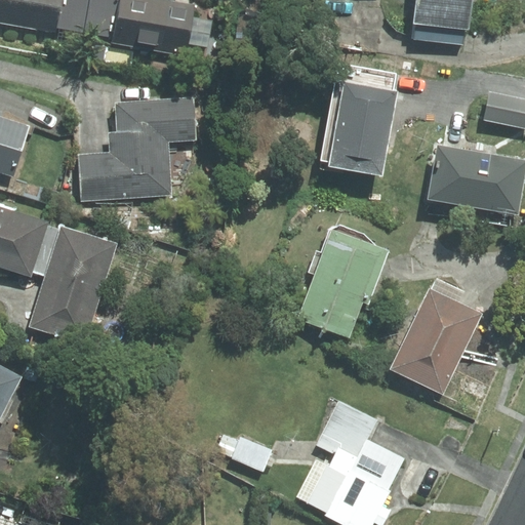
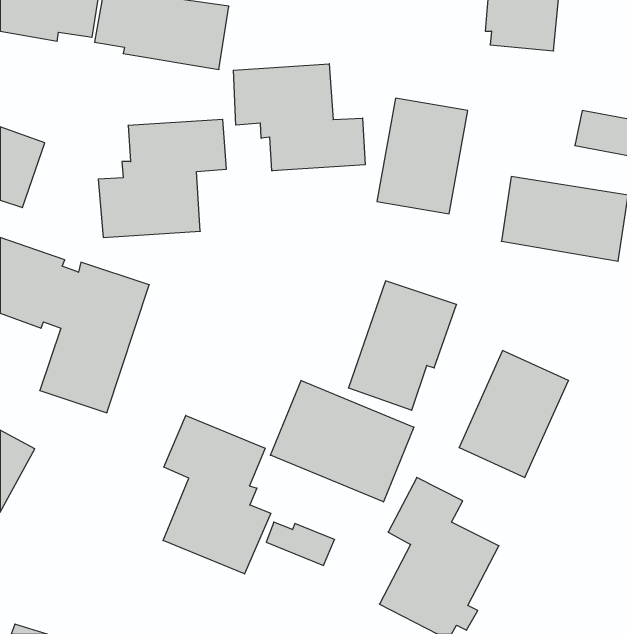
building: none -> [233,64,365,171]
building: none -> [270,380,414,502]
building: none -> [163,415,271,574]

